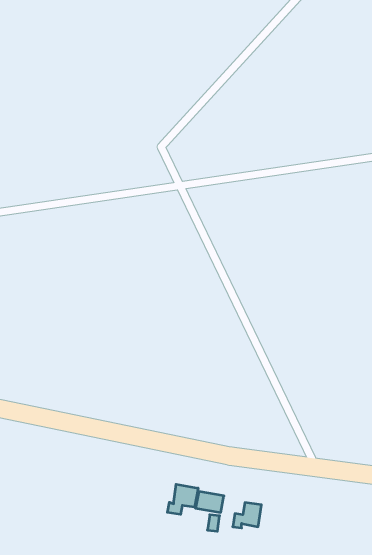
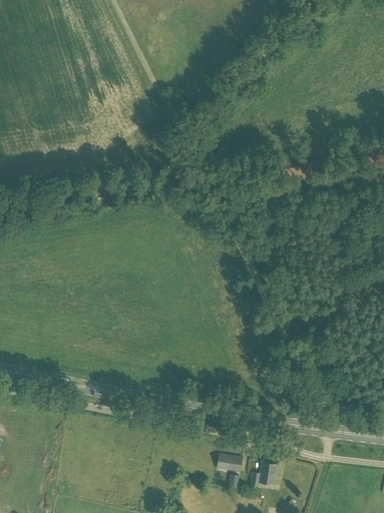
building: [167,484,198,514] -> none

